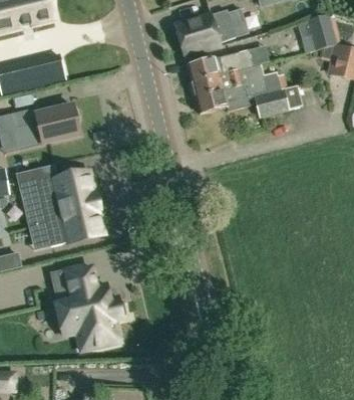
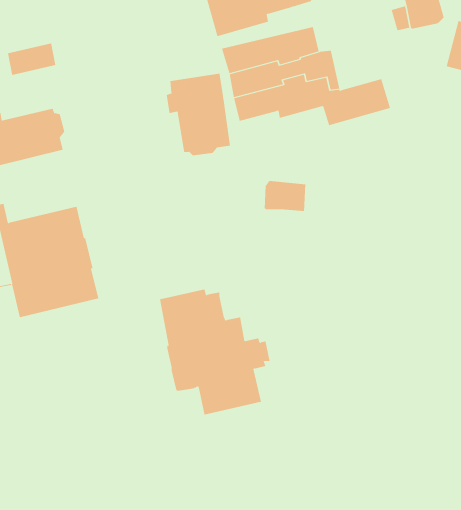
building: none -> [166,73,231,156]
building: none -> [264,180,306,212]
building: [50,265,125,351] -> [159,289,271,415]

